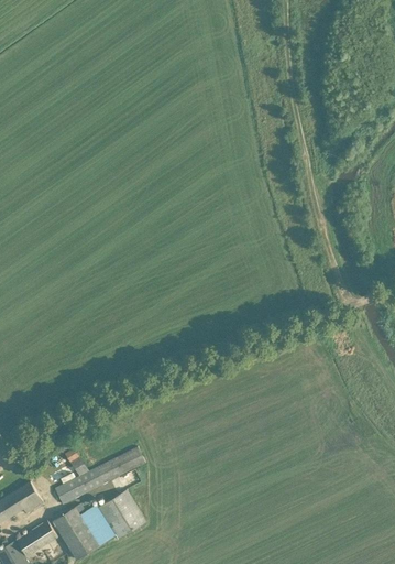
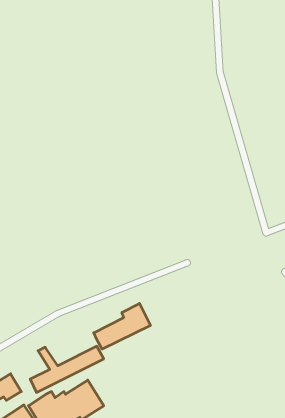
building: none -> [94,303,150,349]

